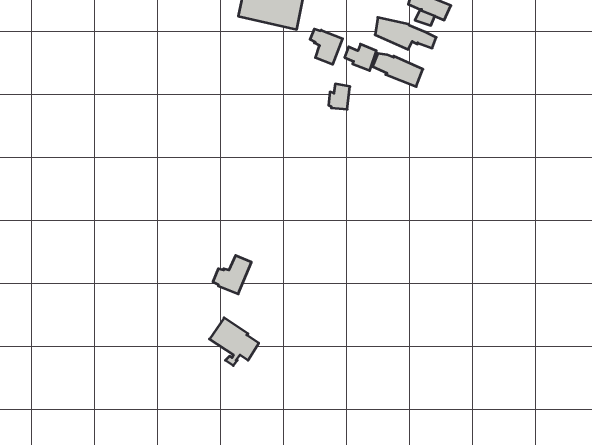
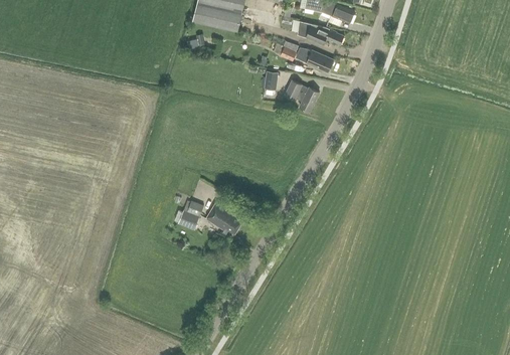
building: [310,29,343,64] -> none
building: none -> [285,80,319,112]
building: [209,318,259,366] -> [205,202,242,238]

